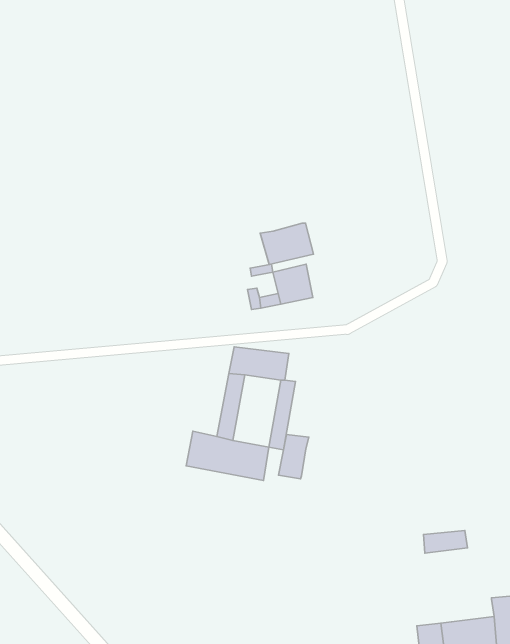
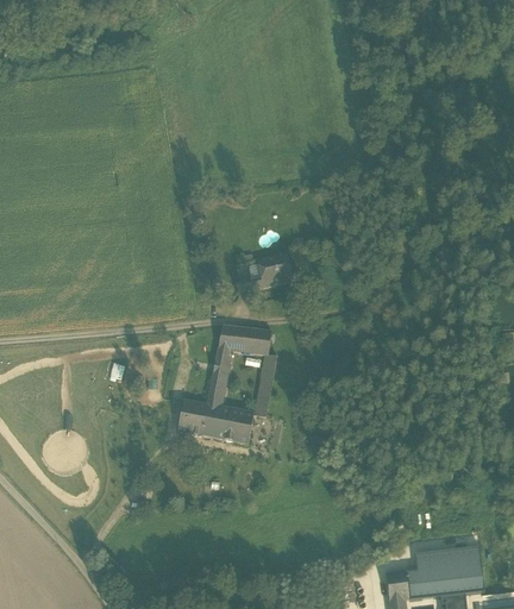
building: [260,223,313,264] -> none
building: [278,434,309,479] -> none
building: [424,530,468,553] -> [415,550,455,570]

